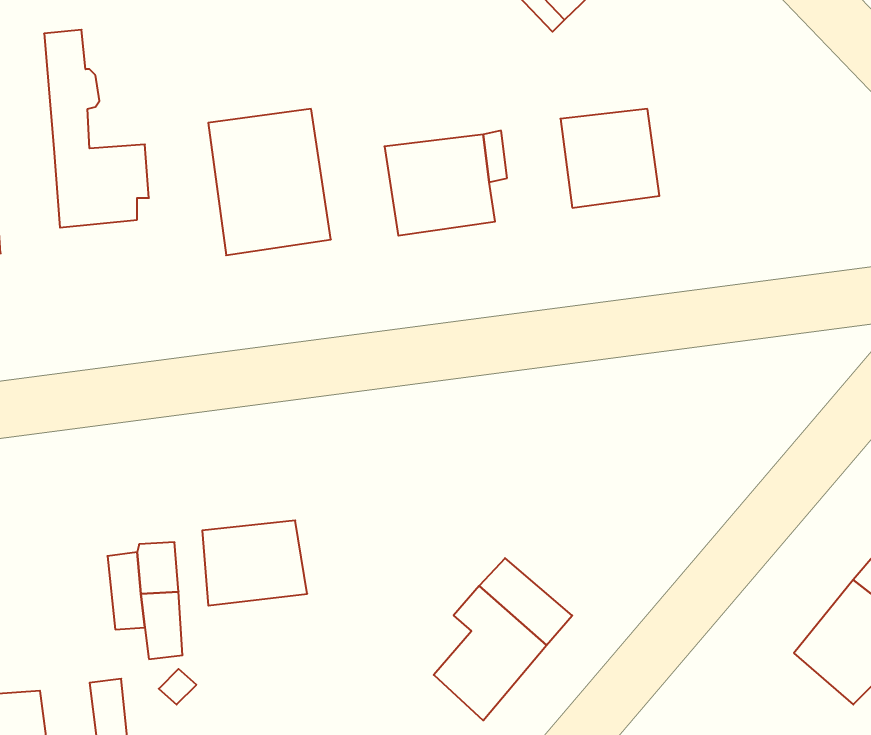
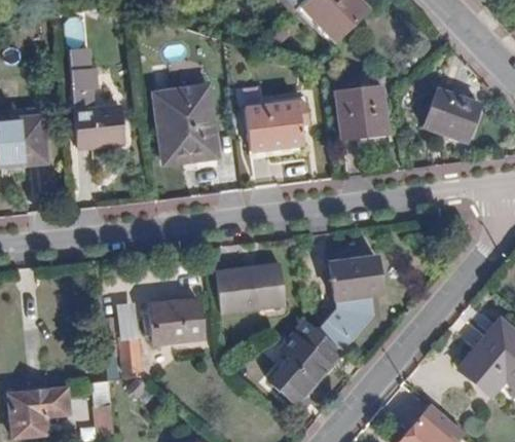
building: none -> [425,87,480,141]
building: none -> [330,256,382,325]
building: none -> [217,263,287,314]

